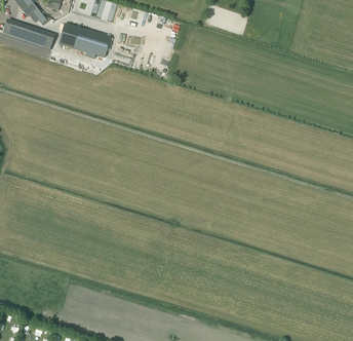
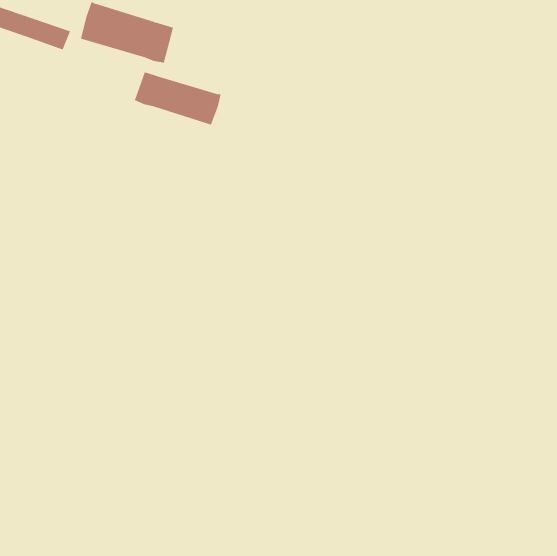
building: none -> [134,71,221,125]

